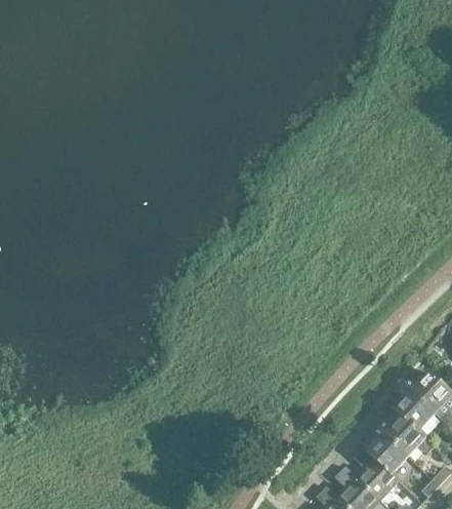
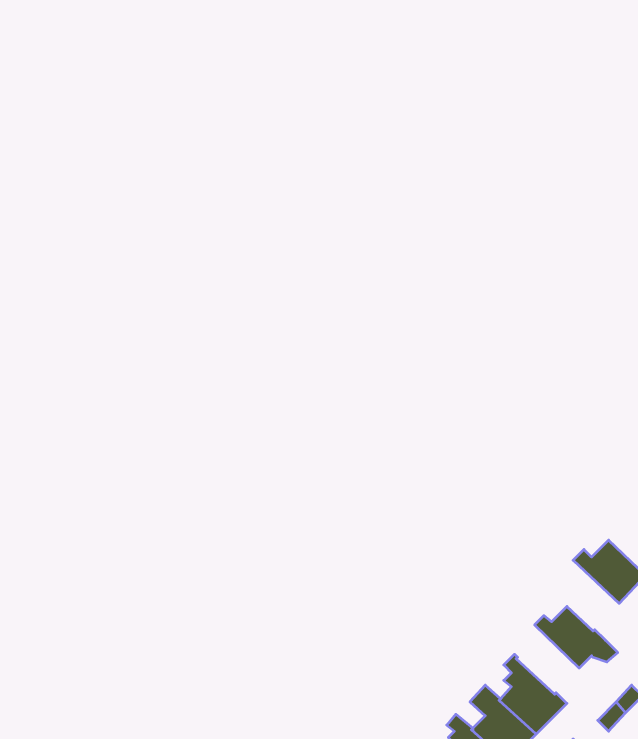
building: [392,385,435,432] -> none
building: [366,428,408,474] -> none

